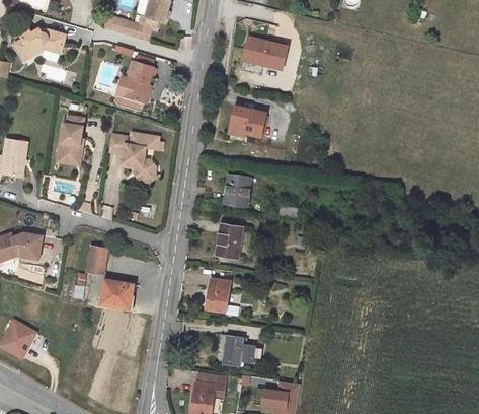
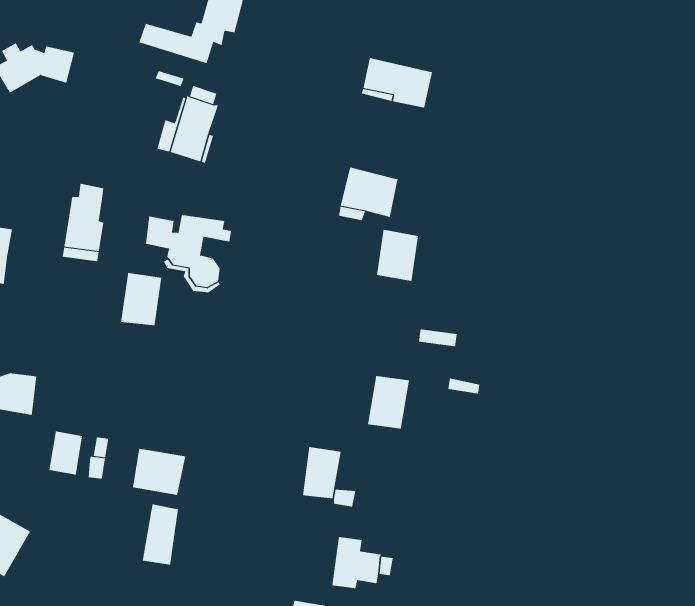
building: none -> [120,272,162,326]
building: [224,174,250,206] -> [376,229,419,282]
building: [216,223,242,257] -> [367,375,410,429]
building: [86,246,107,273] -> [49,431,83,475]
building: none -> [142,503,179,565]

